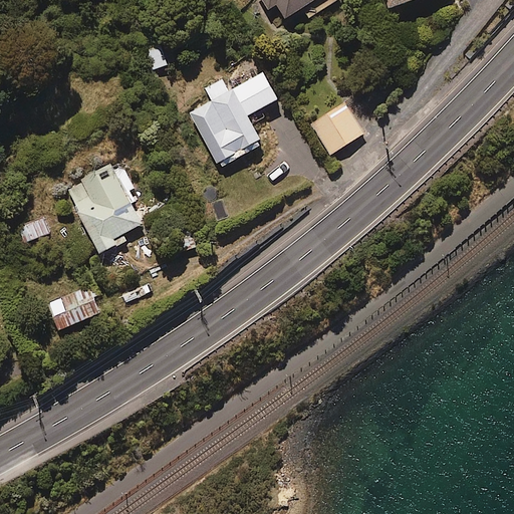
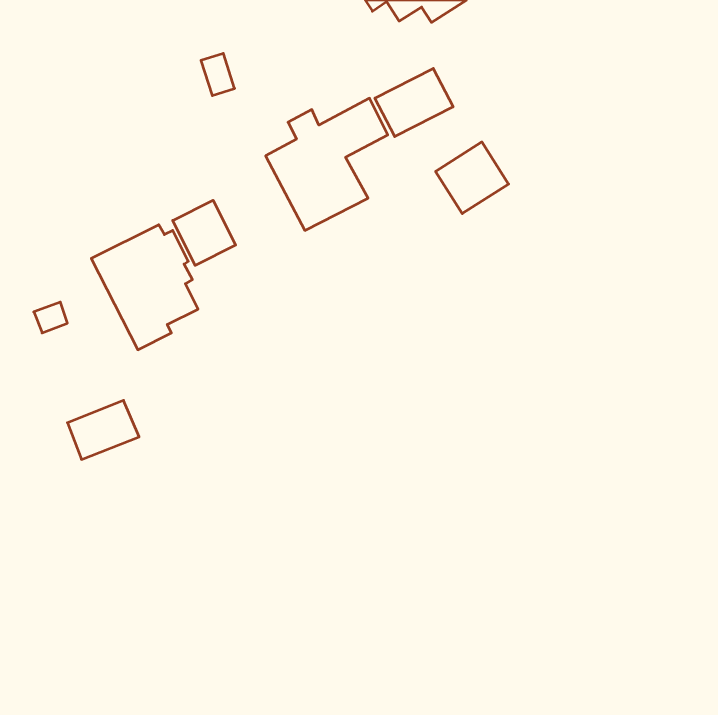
building: none -> [375,68,453,137]
building: none -> [173,200,236,265]

